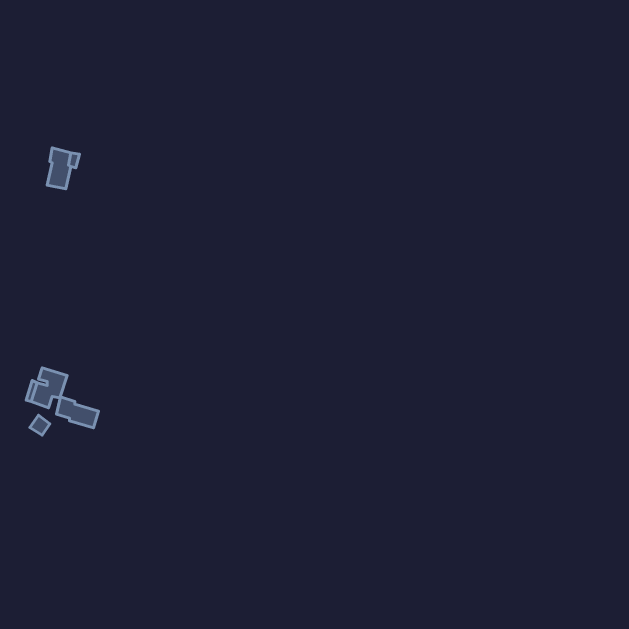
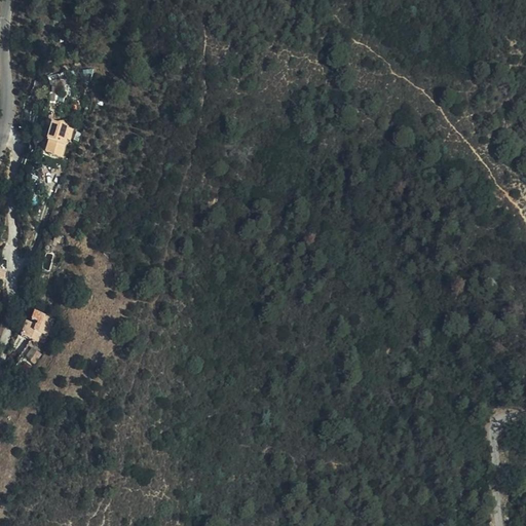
building: [56,397,99,428] -> none

